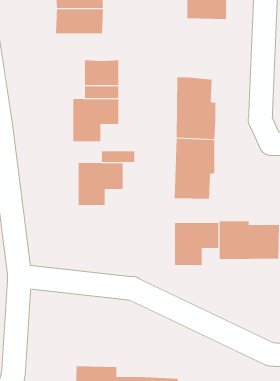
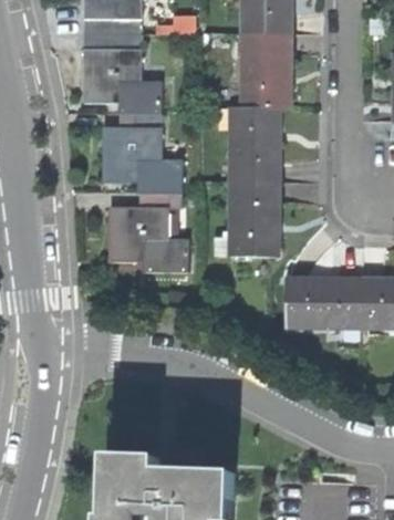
building: none -> [241,30,292,105]
building: none -> [81,49,139,103]
building: none -> [137,160,179,193]
building: none -> [143,239,186,271]
building: [175,222,219,266] -> none

